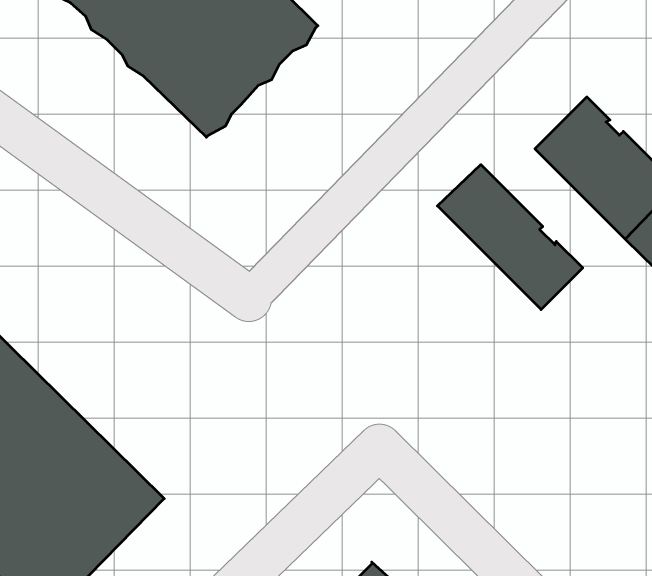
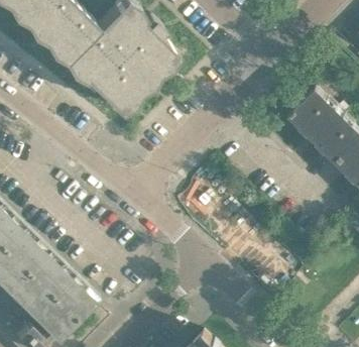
building: [437,165,583,310] -> none

